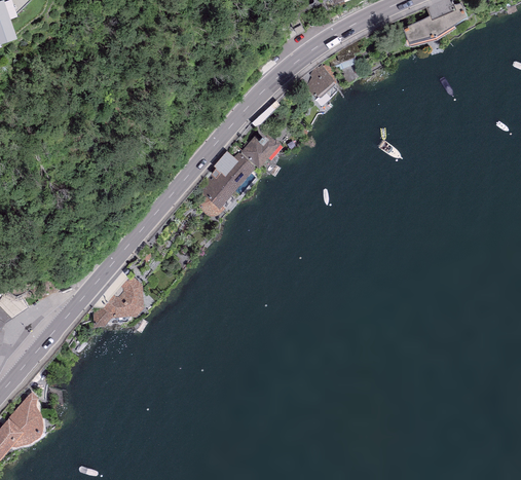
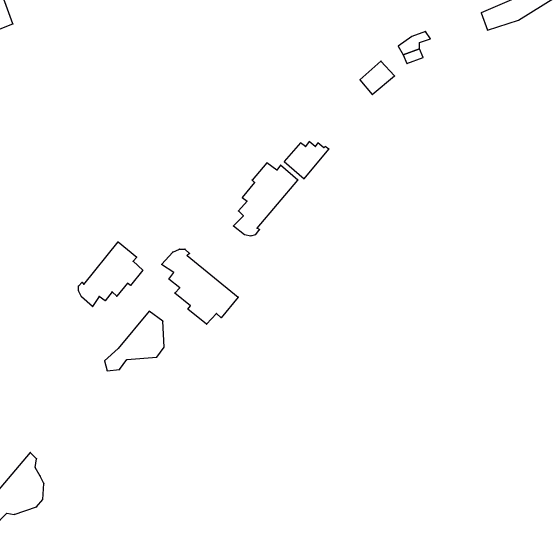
building: none -> [78,242,143,307]
building: none -> [162,249,238,324]

